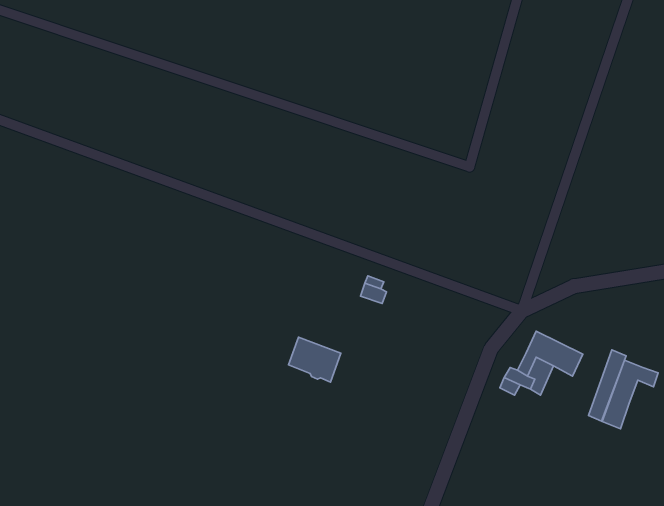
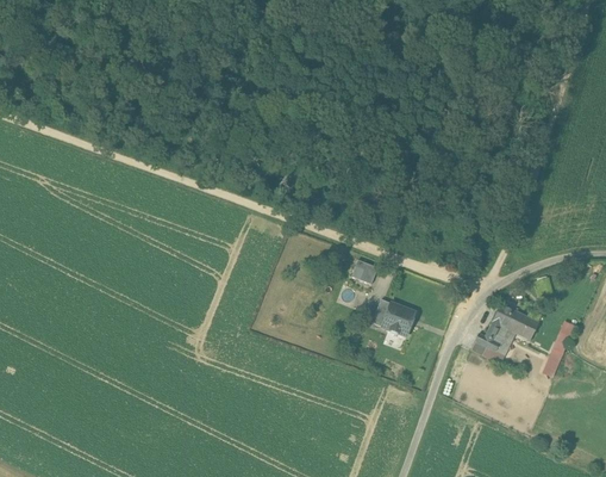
building: [288,337,341,382] -> [371,299,414,336]
building: [602,360,658,429] -> none

